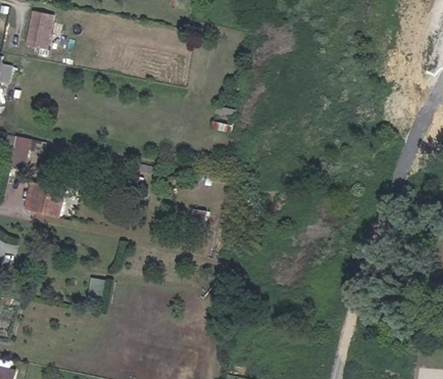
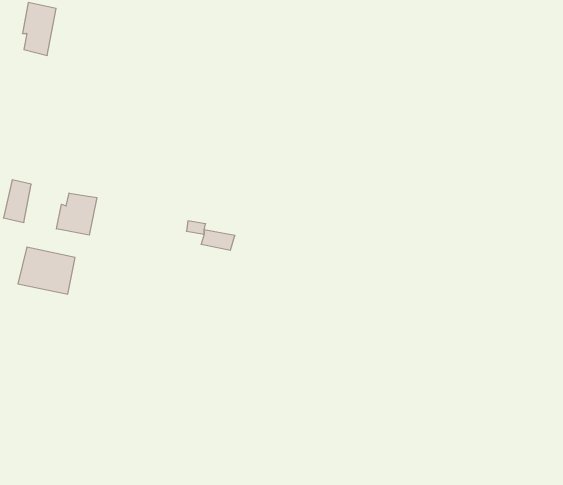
building: none -> [56,193,97,235]

